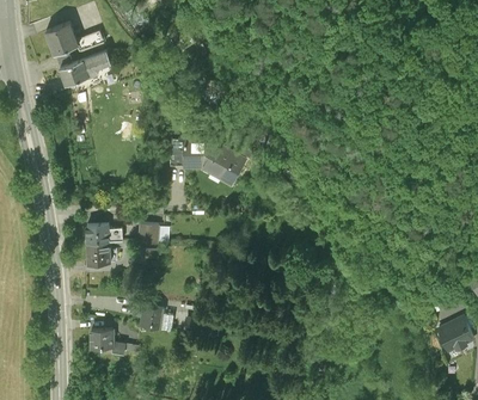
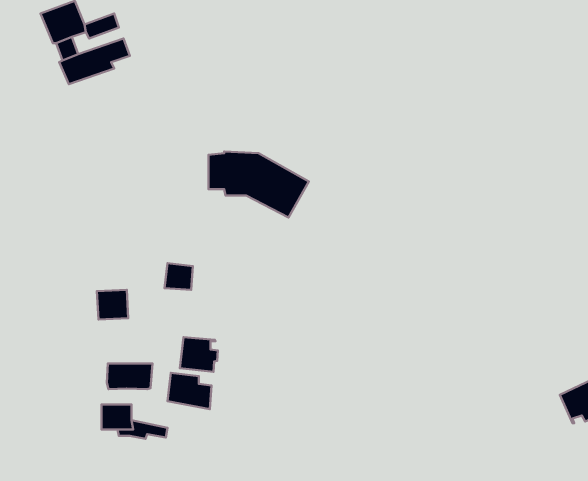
building: [85,222,122,242] -> none
building: none -> [180,337,218,372]
building: none -> [107,363,152,389]

